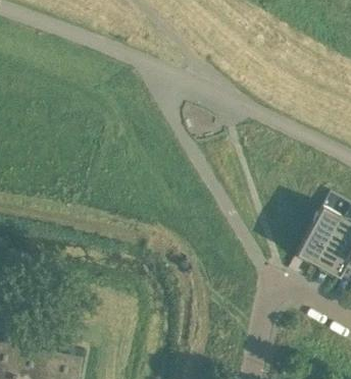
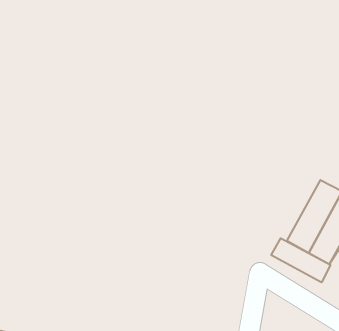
building: none -> [271,238,330,282]

